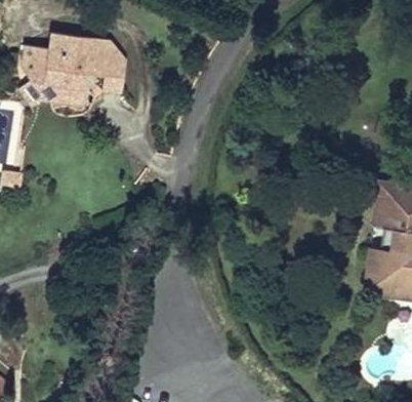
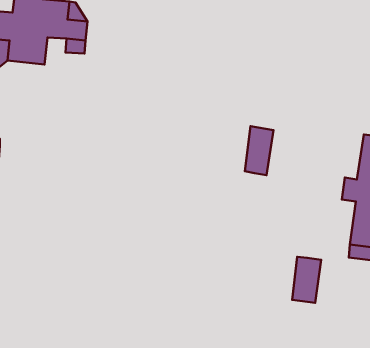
building: [374,170,404,220] -> [245,126,274,175]
building: [366,240,396,287] -> [292,257,321,303]

